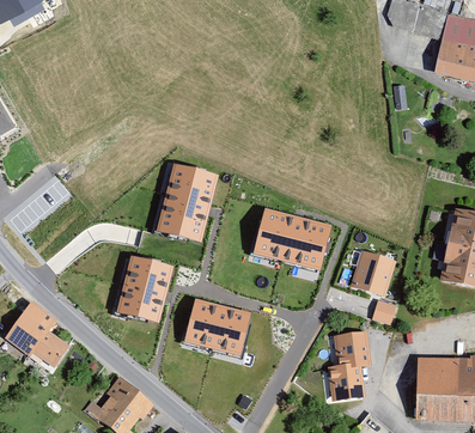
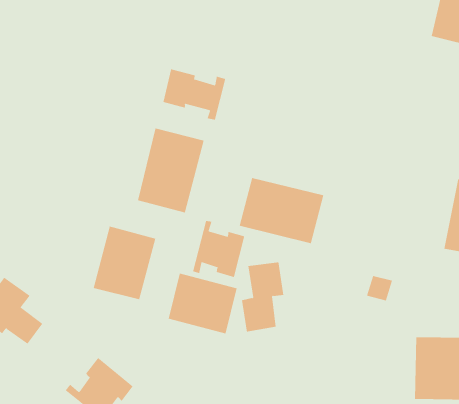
building: none -> [163,68,226,120]
building: none -> [192,220,245,278]
building: [352,252,394,294] -> none
building: [329,333,370,398] -> [241,262,284,332]

